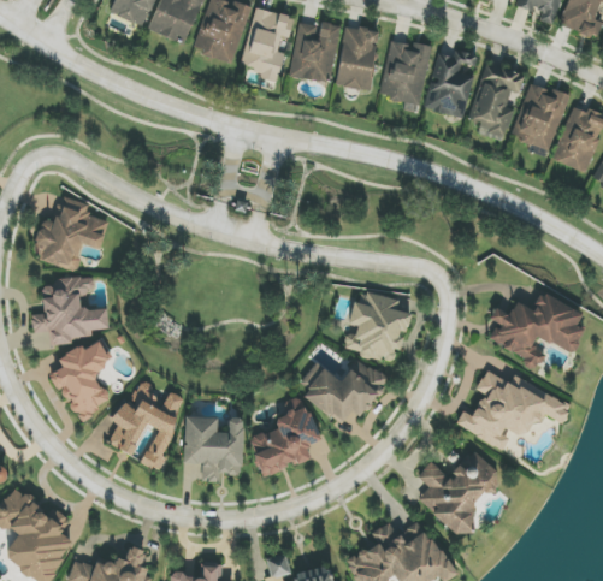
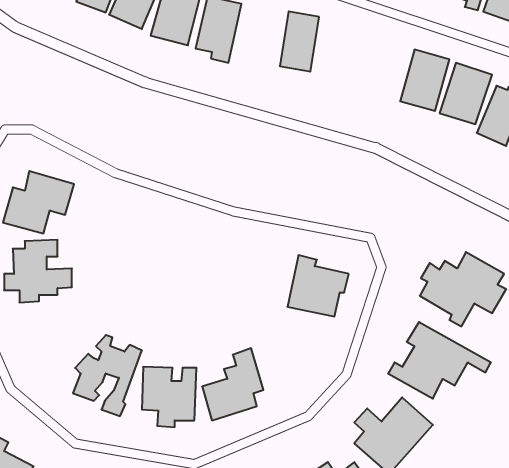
building: [289,22,341,83] -> none
building: [382,38,431,107] -> none
building: [425,51,478,118] -> none
building: [52,339,111,419] -> none
building: [302,360,385,421] -> none

